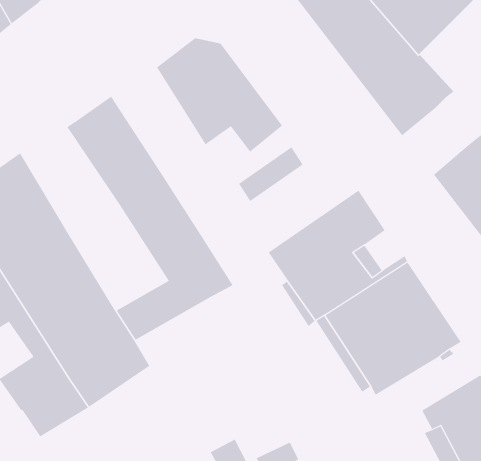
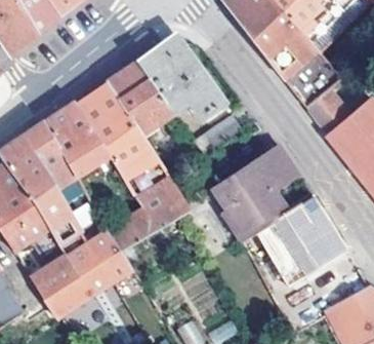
building: none -> [107,62,171,135]
building: none -> [306,89,350,136]
building: none -> [44,100,112,177]

